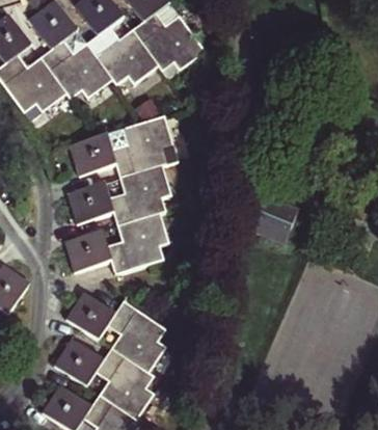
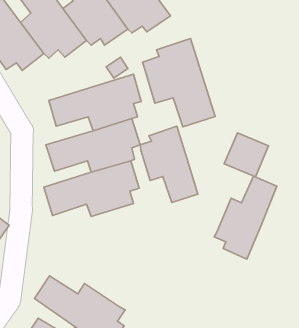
building: none -> [143,38,215,127]
building: none -> [140,126,198,203]
building: none -> [214,176,277,259]
building: [68,292,166,373] -> none

